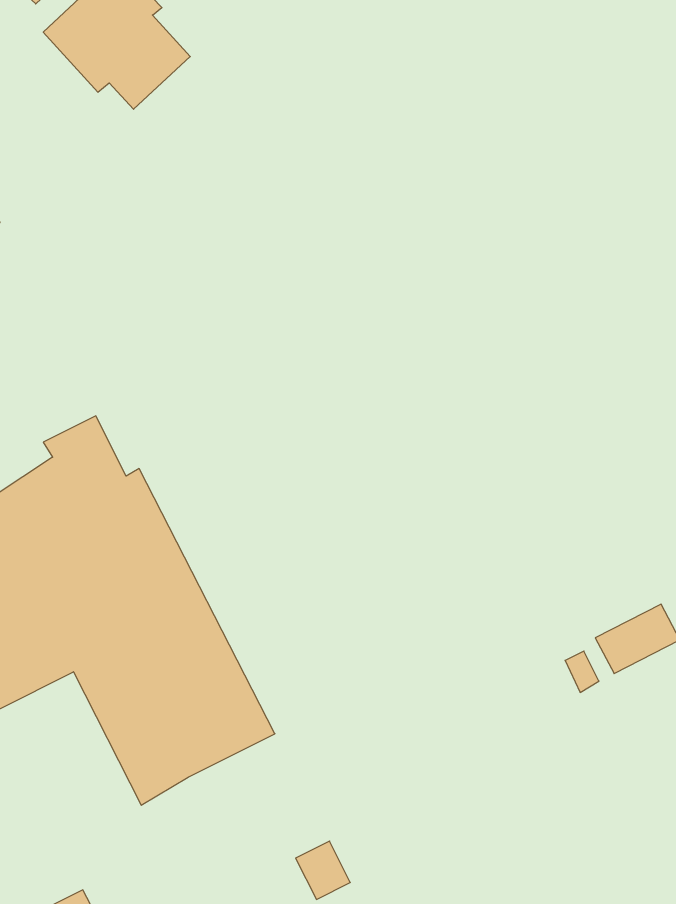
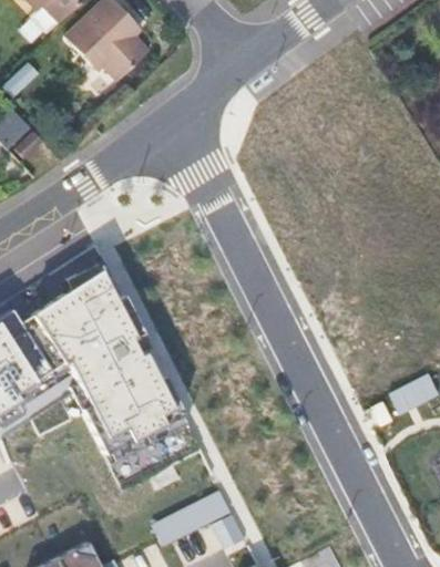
building: none -> [163,487,232,538]

